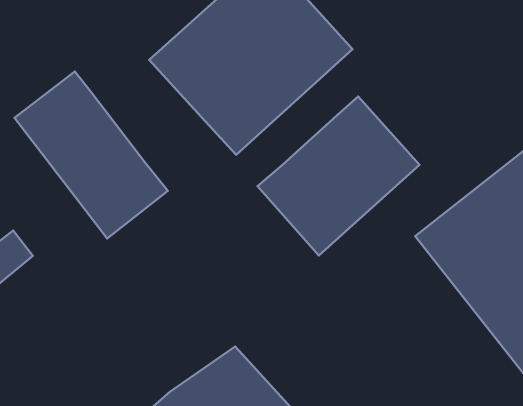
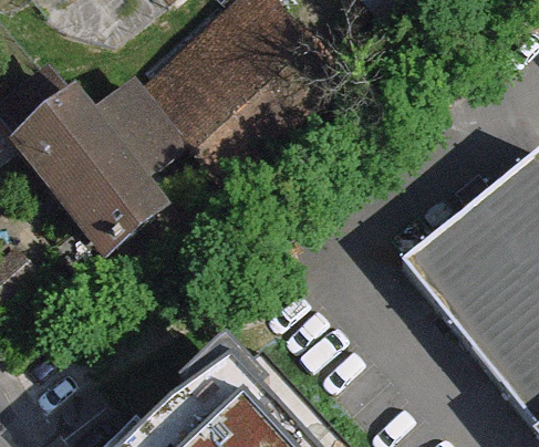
building: none -> [90,76,191,184]
building: [257,97,419,255] -> none

